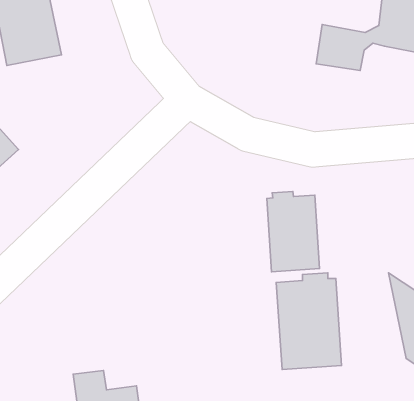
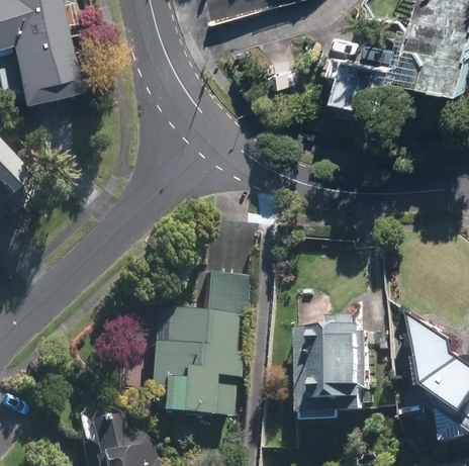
building: [267,192,320,272] -> none
building: none -> [150,276,244,416]

